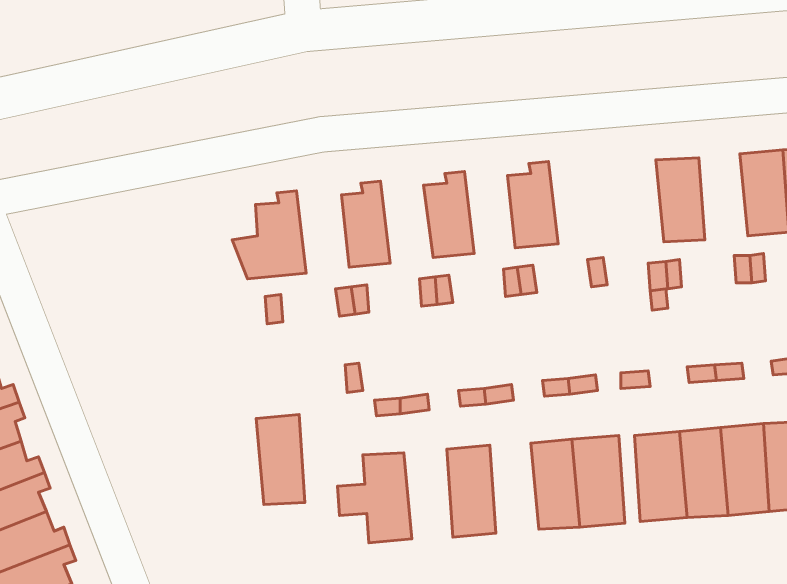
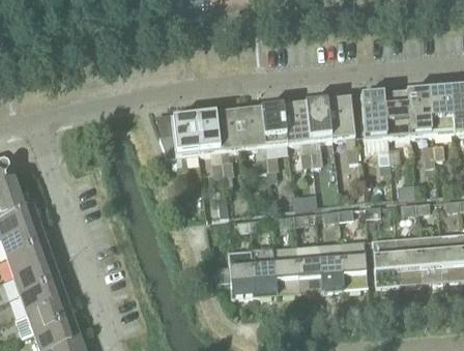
building: none -> [406,90,432,136]
building: none -> [326,93,354,138]
building: none -> [360,93,387,139]
building: none -> [282,98,309,143]
building: none -> [237,104,265,148]
building: none -> [193,109,221,153]
building: [256,415,305,504] -> [250,246,276,294]
building: none -> [295,243,321,291]

